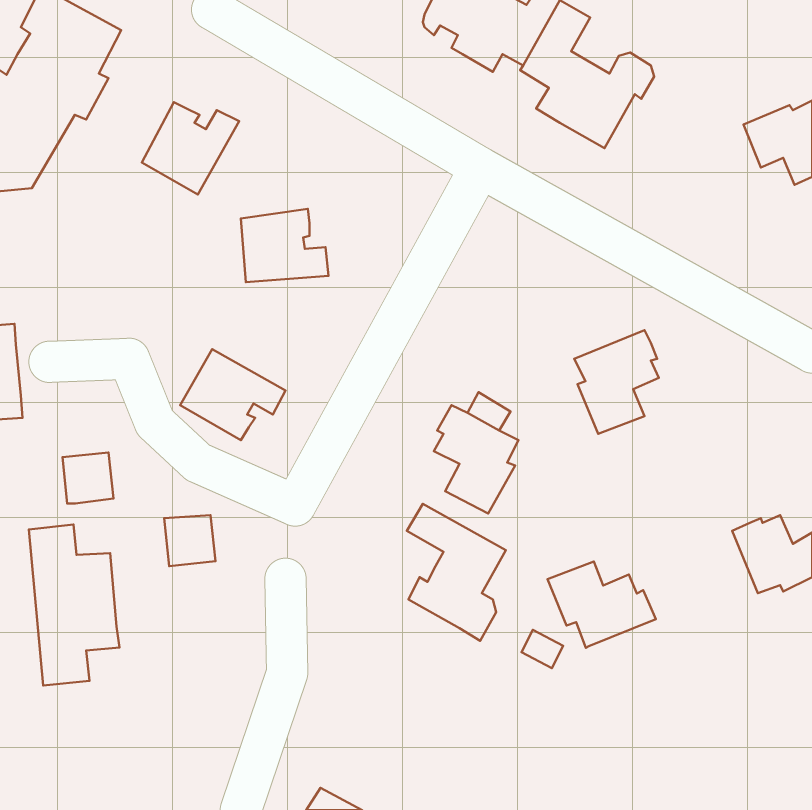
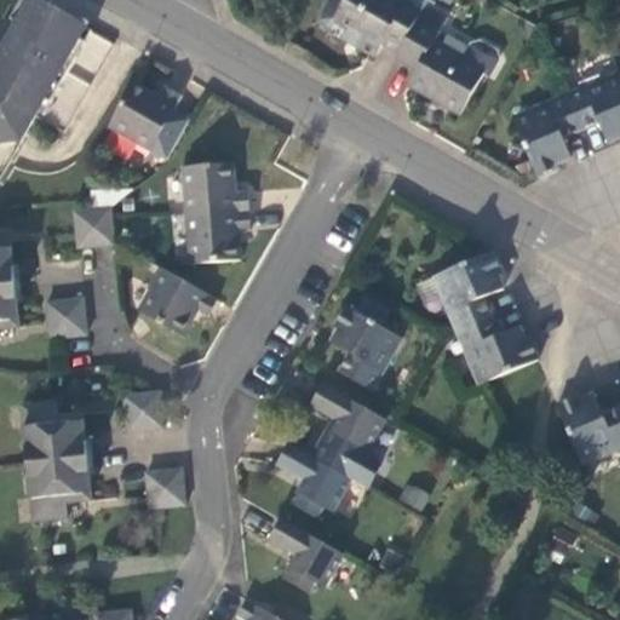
building: none -> [513,94,578,174]
building: none -> [75,206,113,243]
building: none -> [186,209,252,262]
building: [62,452,113,503] -> [47,297,86,335]
building: [547,562,656,648] -> [454,316,536,381]
building: none -> [275,442,349,517]
building: none -> [147,467,186,507]
building: none -> [268,518,341,592]

